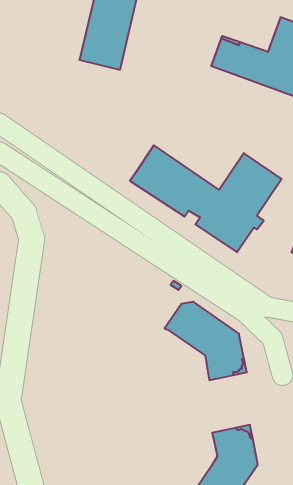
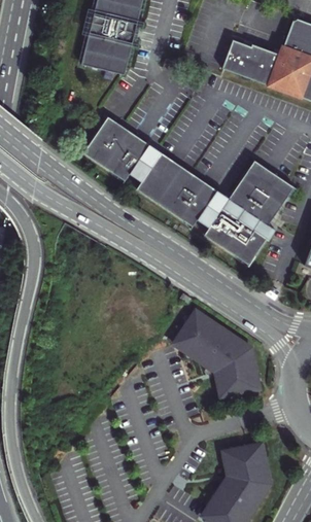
building: none -> [83,118,161,182]

